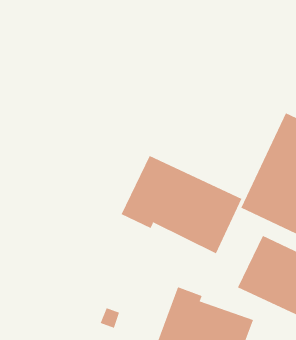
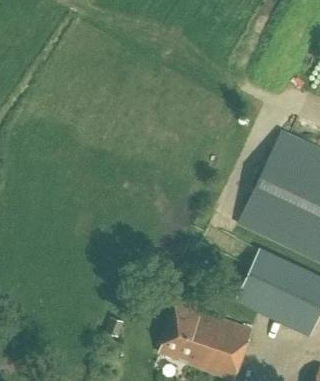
building: [121,155,242,254] -> none

